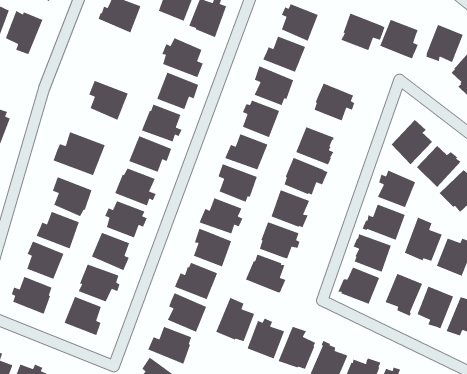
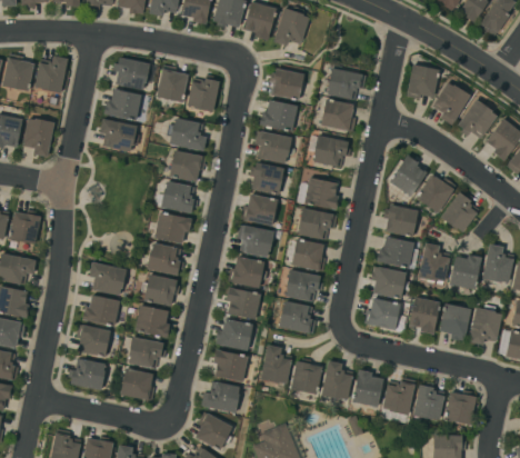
building: [379,19,419,59] -> [320,99,356,132]
building: [88,80,129,121] -> [99,119,136,152]
building: [53,131,106,176] -> none

